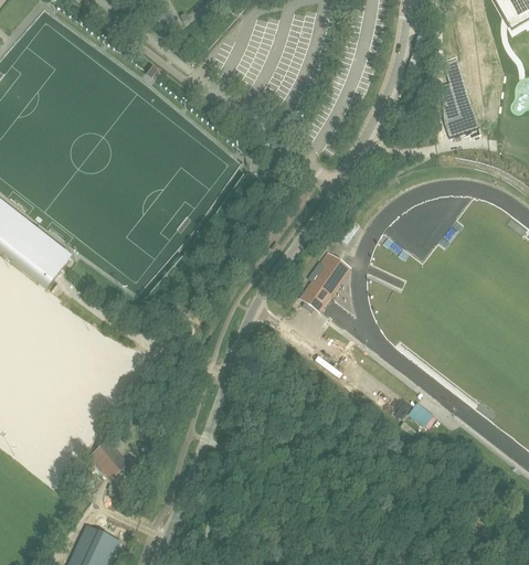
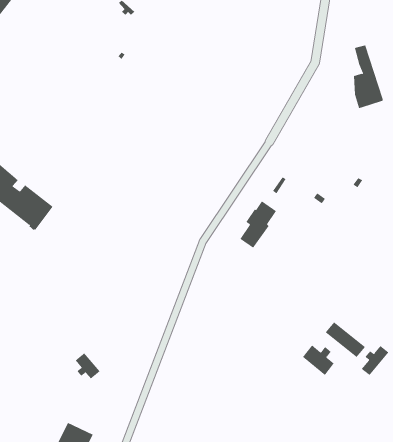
building: none -> [302,345,335,376]
building: none -> [361,345,389,376]

